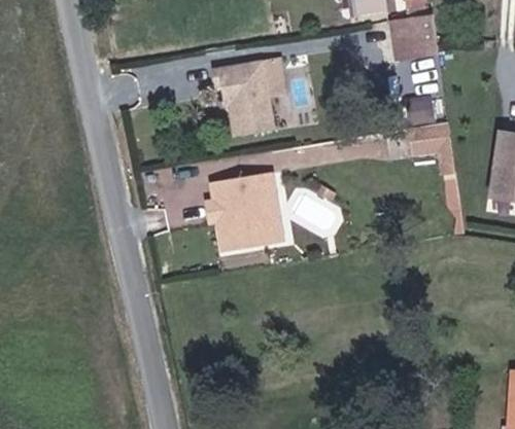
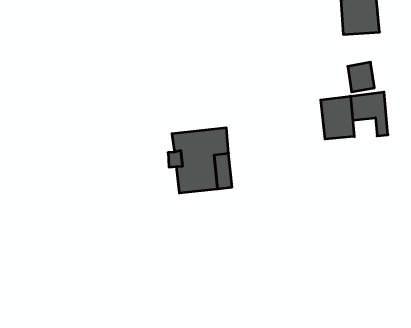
building: [211,62,274,137] -> none
building: none -> [321,96,354,139]

